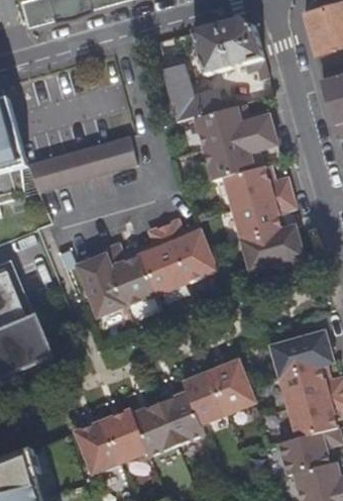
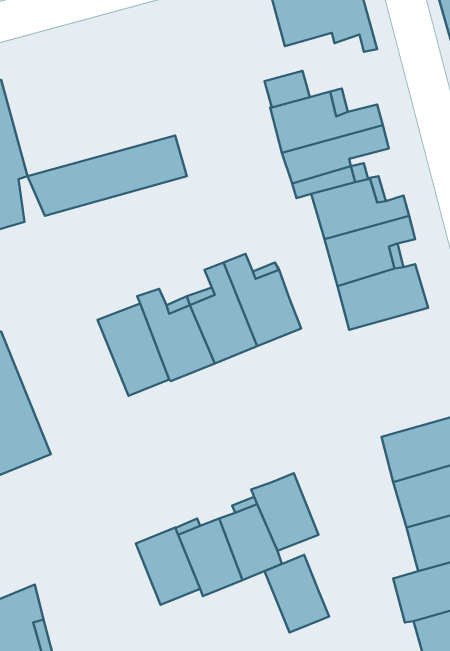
building: [160,68,196,124] -> none
building: [211,360,255,413] -> [265,555,329,632]
building: [75,419,119,473] -> none

